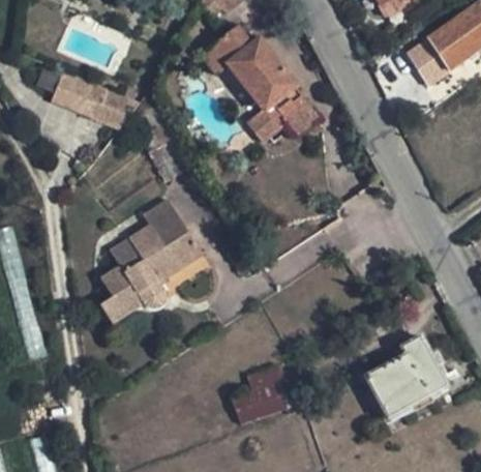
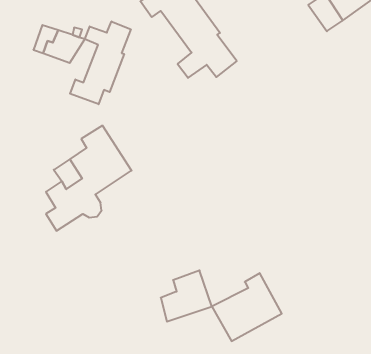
building: [55,67,93,107] -> none
building: none -> [70,21,131,104]
building: [364,338,446,418] -> [212,273,282,341]

